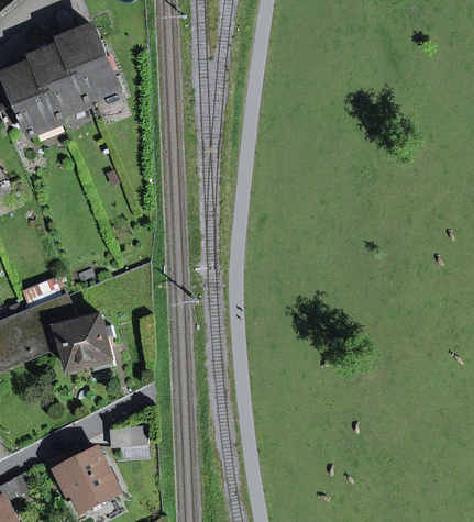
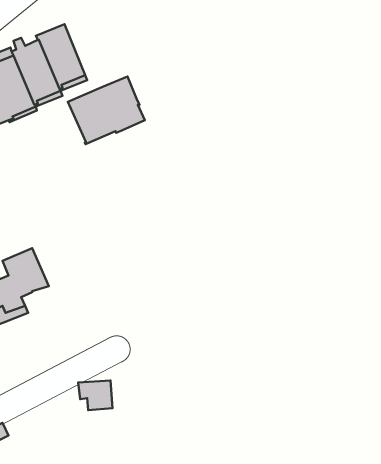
building: none -> [68,77,145,144]
building: [56,316,114,374] -> none
building: [49,446,114,509] -> none

